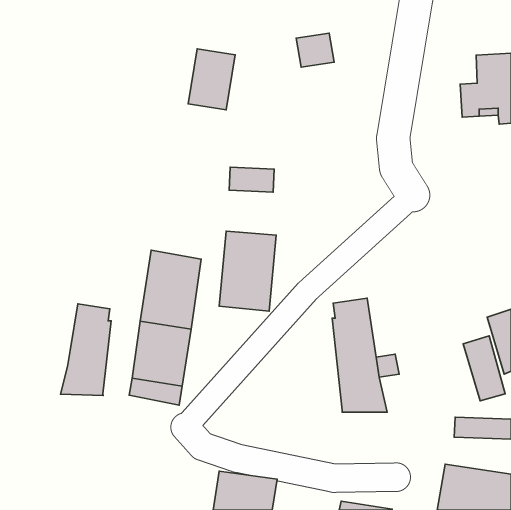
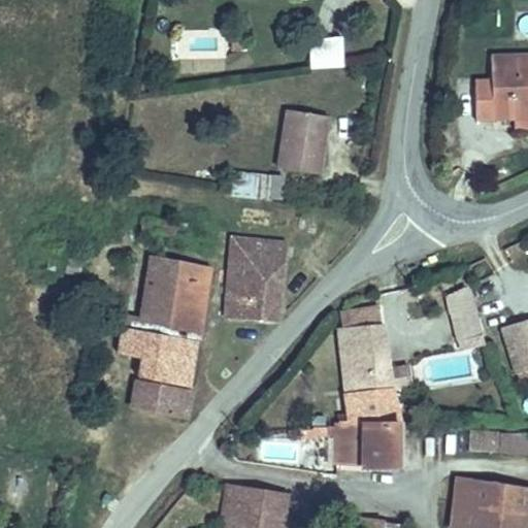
building: [188,49,235,110] -> [278,110,327,173]
building: [61,304,111,395] -> none
building: [463,336,505,401] -> [440,284,484,351]
building: none -> [327,423,399,466]

